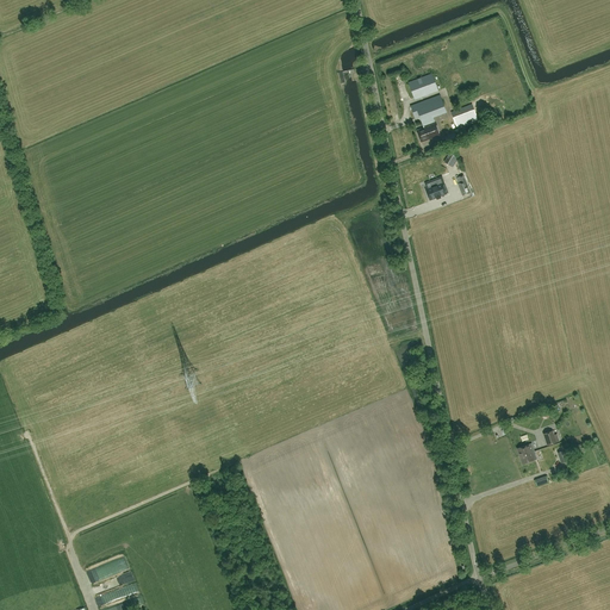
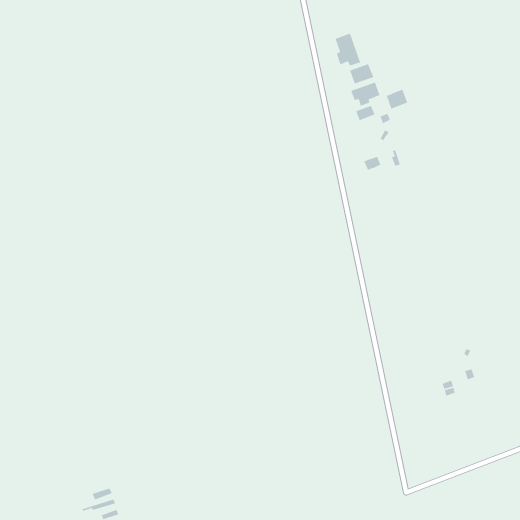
building: none -> [334,33,361,67]

